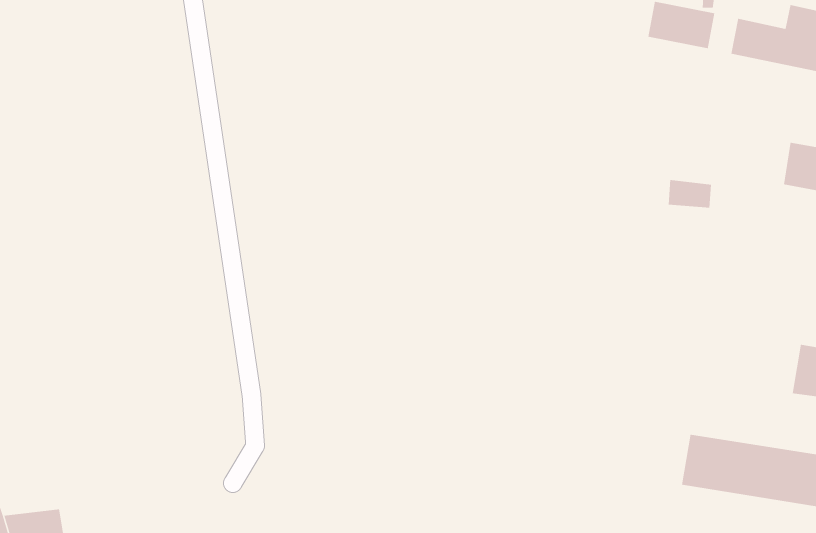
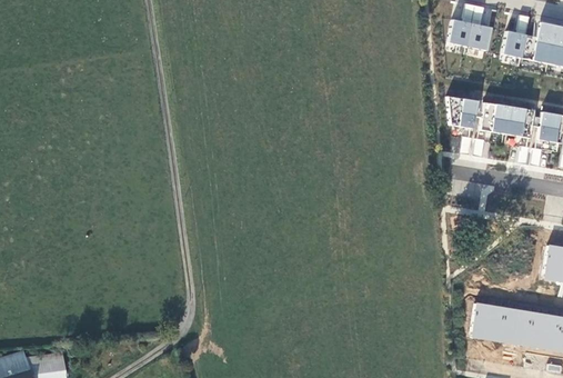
building: none -> [446,96,475,128]
building: none -> [479,102,532,138]

